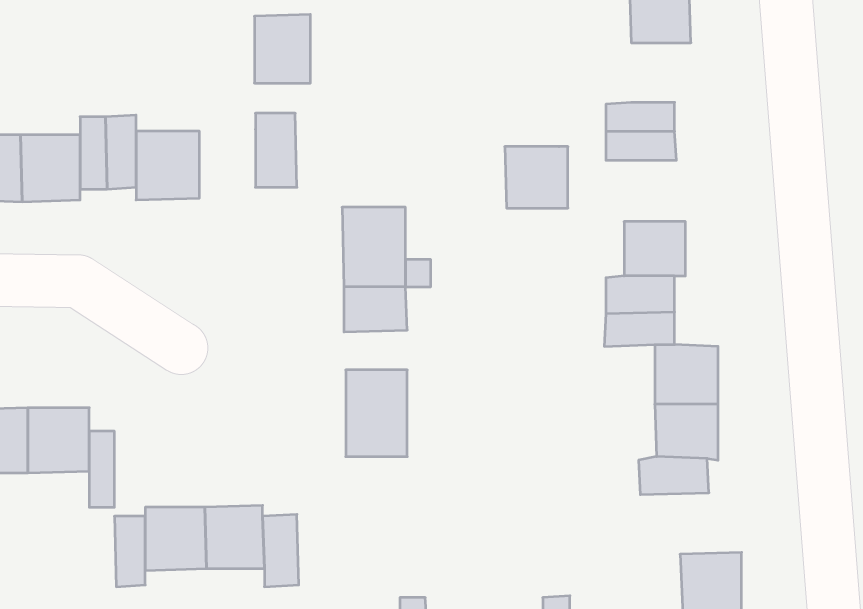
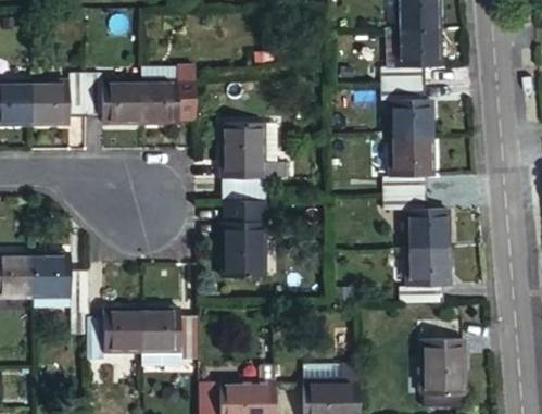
building: [254,14,310,83] -> [138,84,172,125]
building: none -> [398,32,434,67]
building: [505,147,568,208] -> [392,102,430,139]

